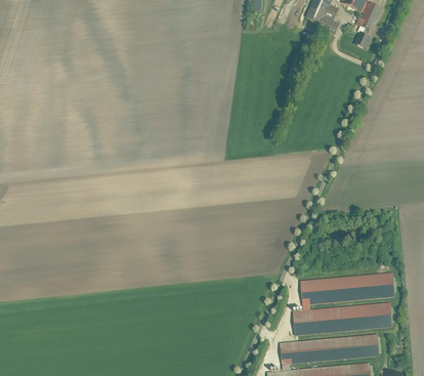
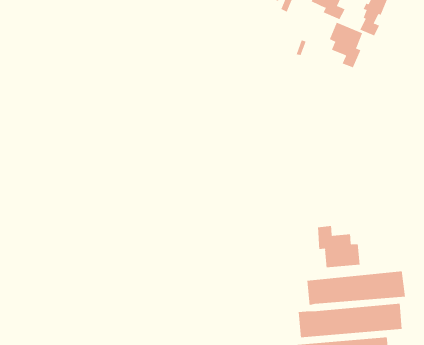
building: none -> [329,22,363,68]
building: none -> [317,225,360,268]

